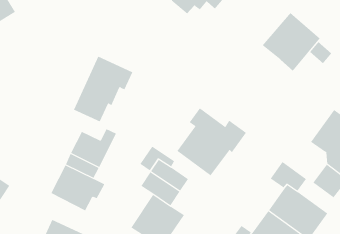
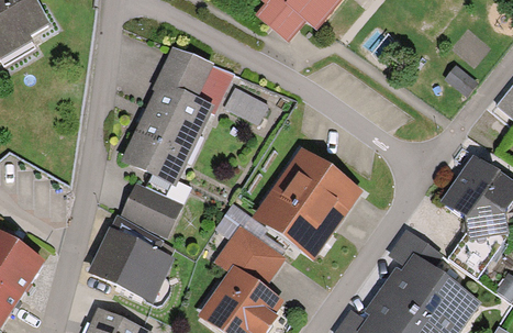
building: [262,12,321,71] -> none
building: none -> [155,44,233,111]
building: none -> [222,86,268,127]

